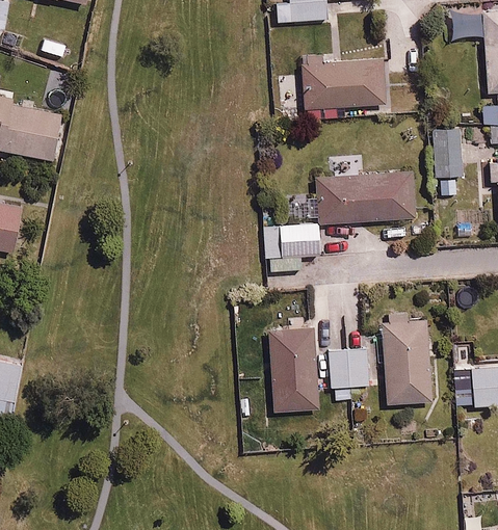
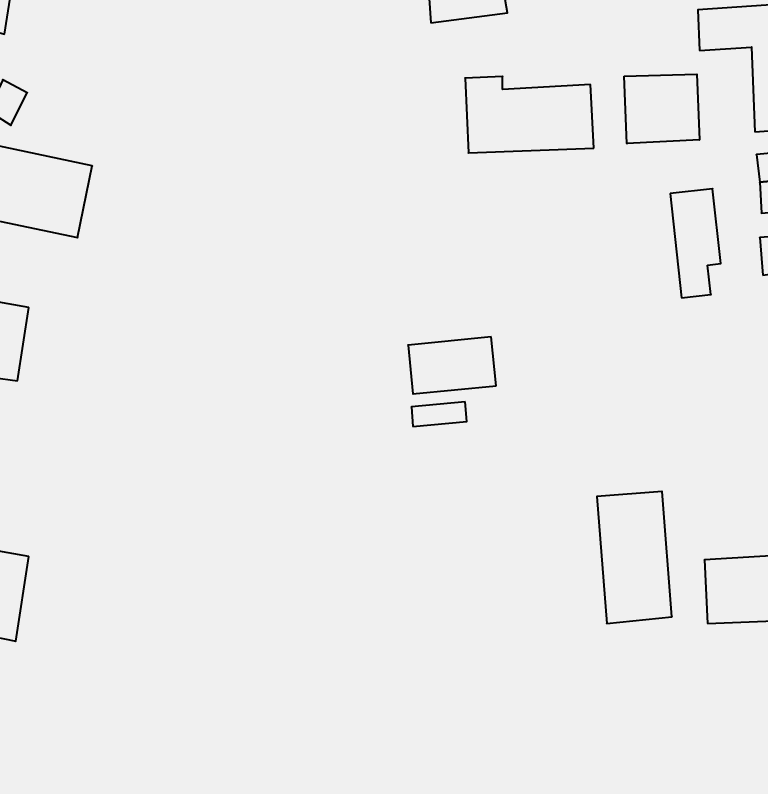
building: none -> [624,74,699,144]
building: [316,156,414,224] -> none
building: [272,328,320,412] -> none
building: [327,348,372,389] -> none

